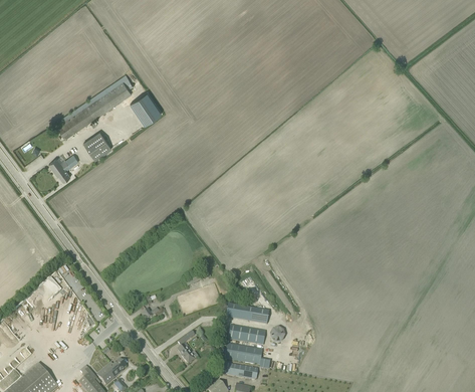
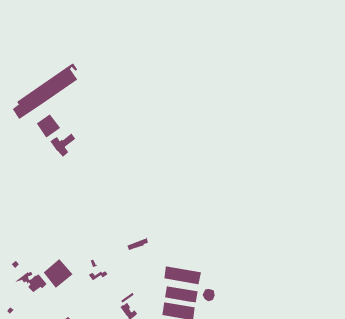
building: [130,92,161,125] -> none
building: [48,154,78,182] -> [49,133,76,158]
building: none -> [43,258,73,289]

